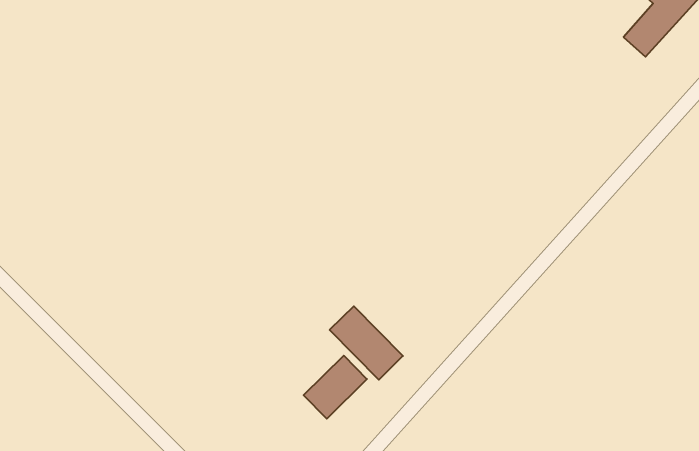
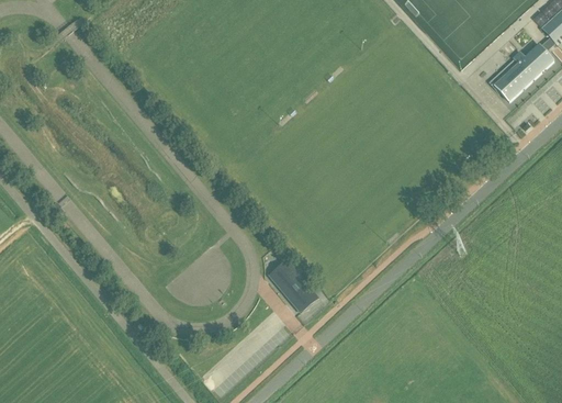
building: [304,356,367,419] -> none

